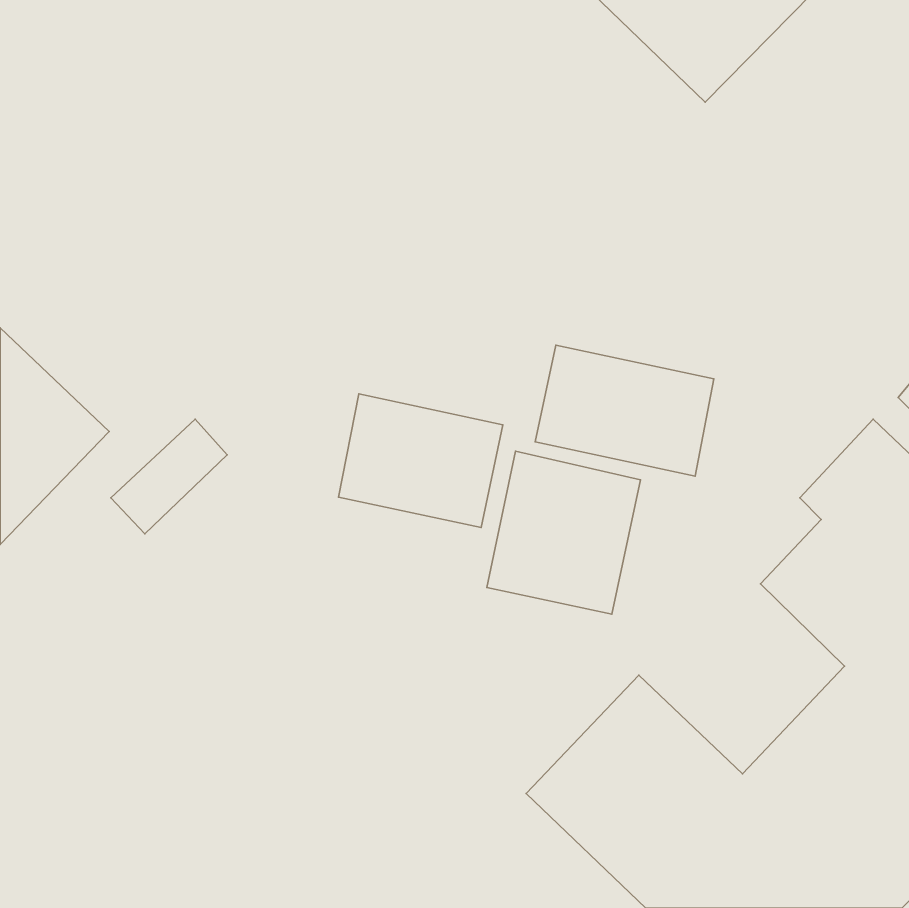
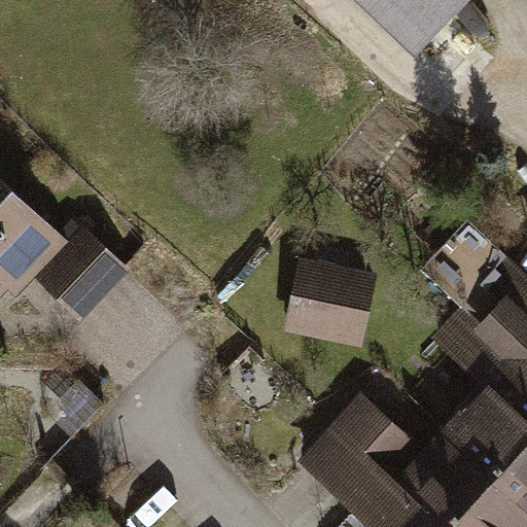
building: [535,345,714,476] -> none
building: [339,394,503,528] -> none

